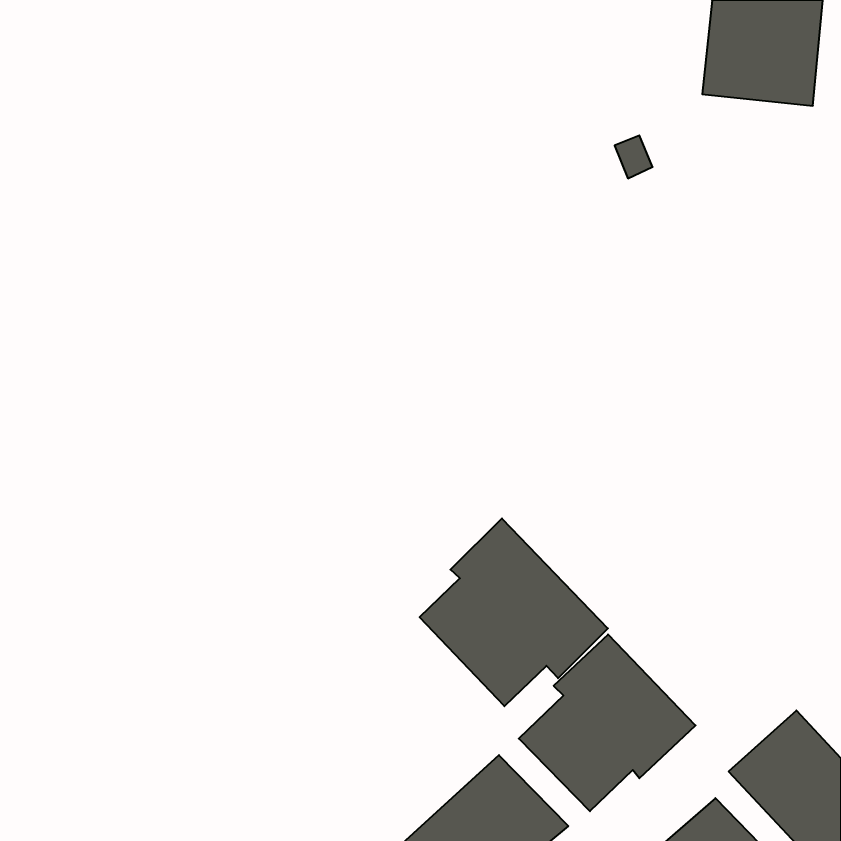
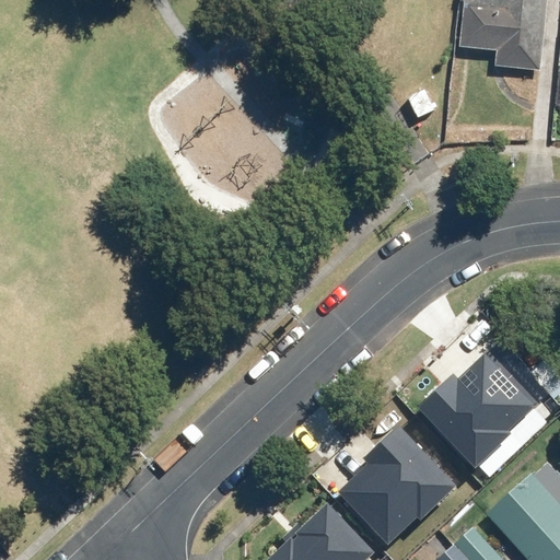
building: [420,518,608,706] -> none
building: none -> [419,351,537,467]

